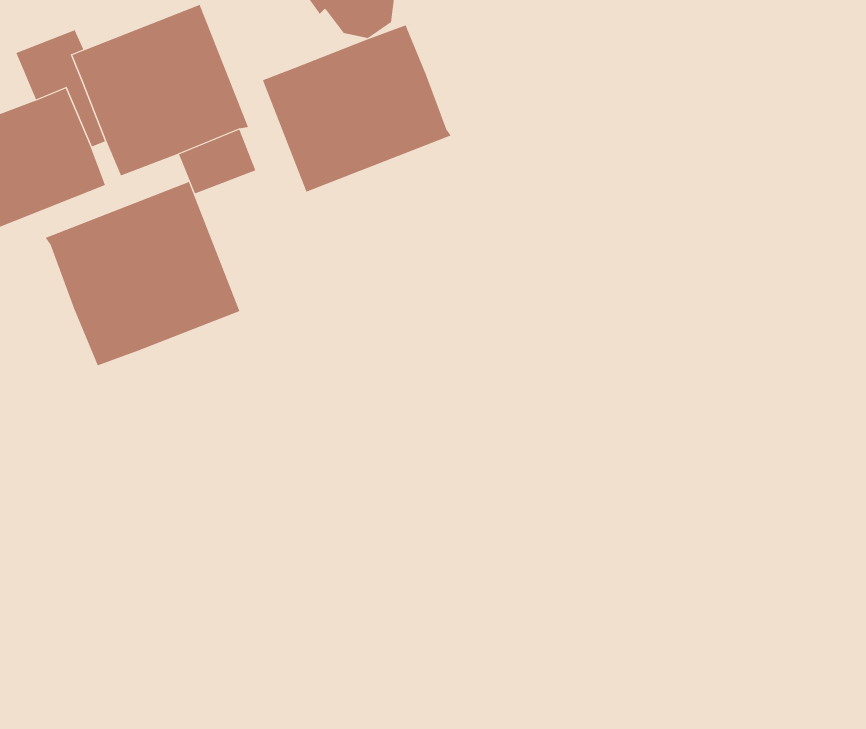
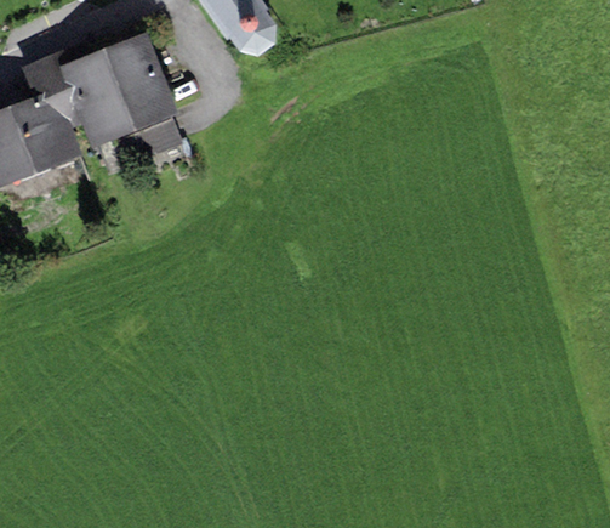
building: [262,25,451,192] -> none
building: [45,181,240,366] -> none

